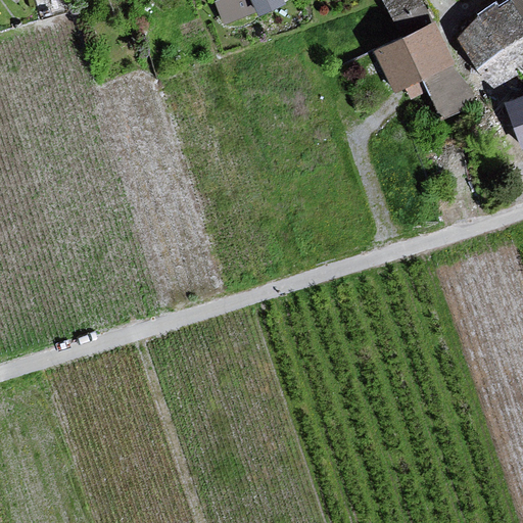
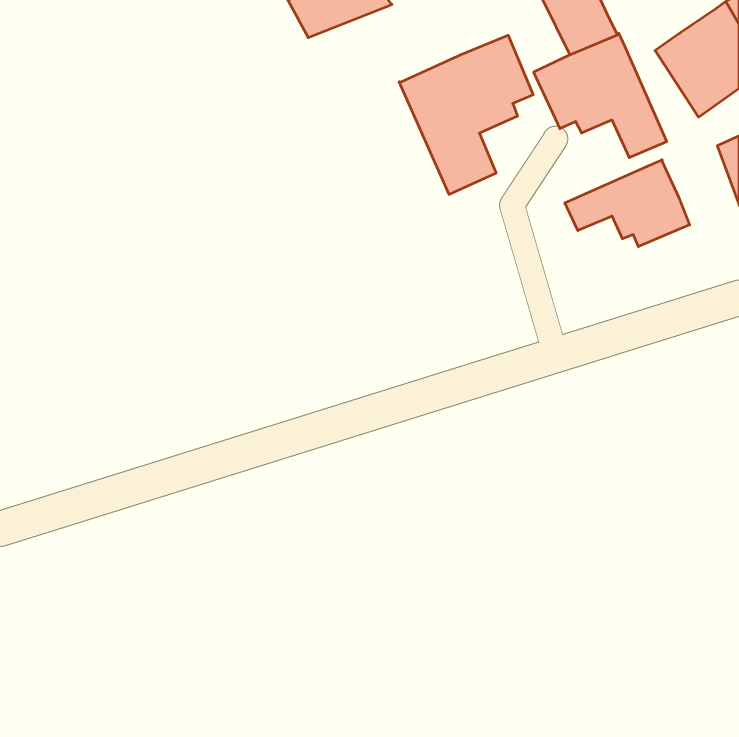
building: none -> [399,35,533,194]
building: none -> [565,160,690,247]

